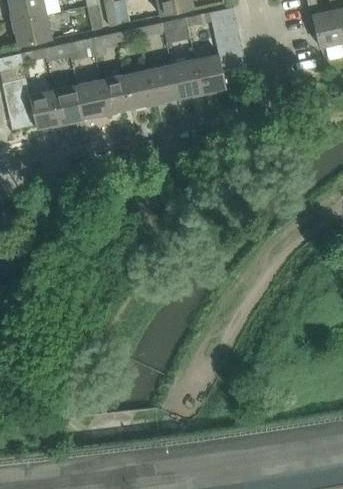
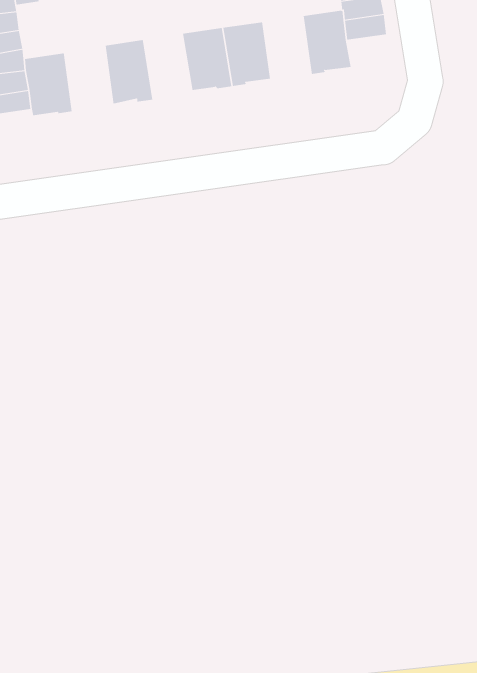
building: [171,59,202,98] -> none
building: [100,74,131,115] -> none
building: [53,84,84,125] -> none

